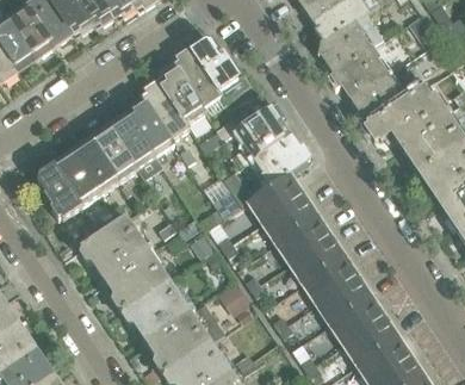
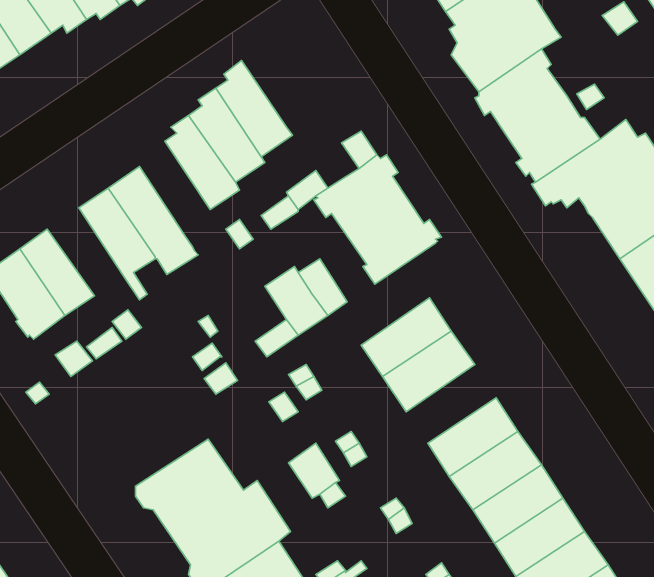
building: [188,39,238,91] -> none
building: [126,99,172,166] -> none
building: [70,139,117,193] -> none
building: [248,161,308,223] -> none
building: [81,218,168,309] -> none
building: [289,235,343,282] -> none

